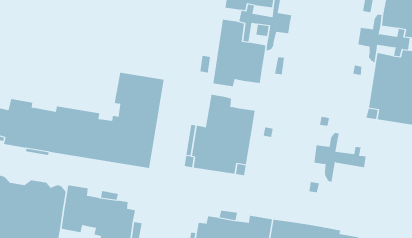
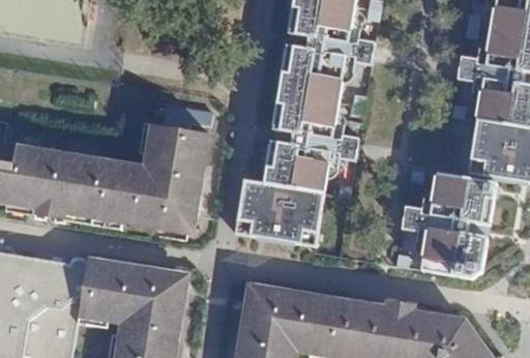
building: none -> [290,108,358,181]
building: none -> [430,175,495,223]
building: none -> [423,229,487,277]

